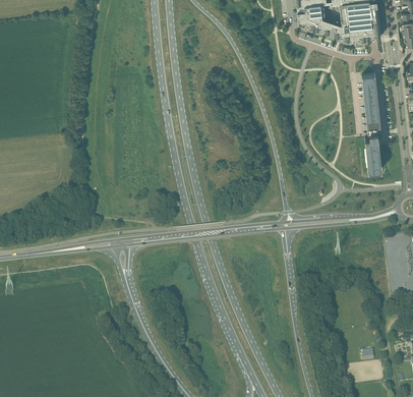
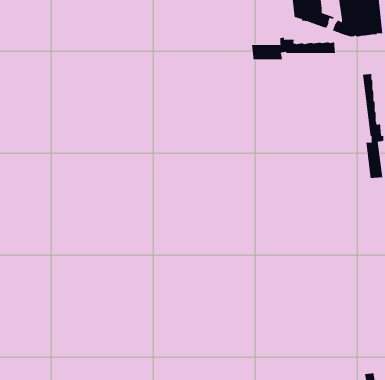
building: none -> [252,37,335,60]

